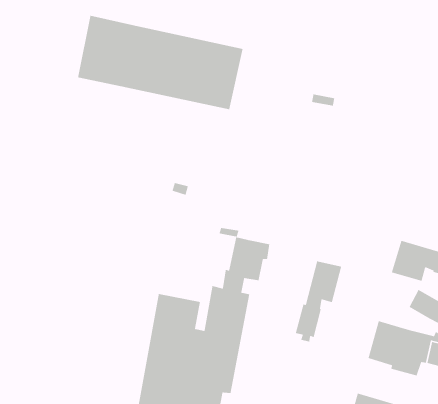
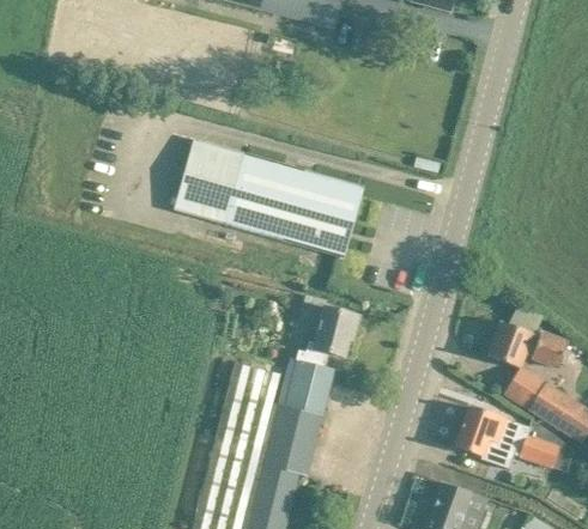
building: [77,15,244,110] -> [175,139,357,251]
building: [295,260,342,343] -> none

